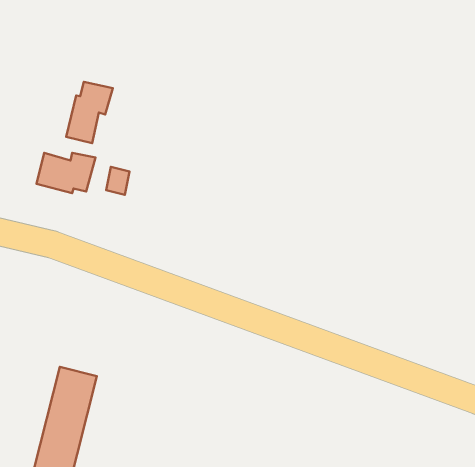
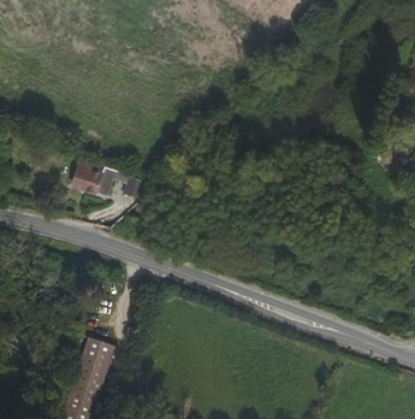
building: [66,82,113,143] -> none

